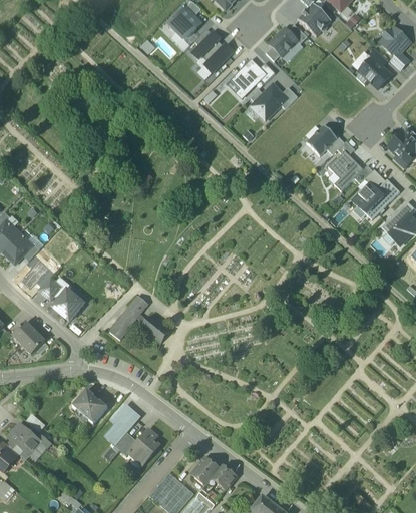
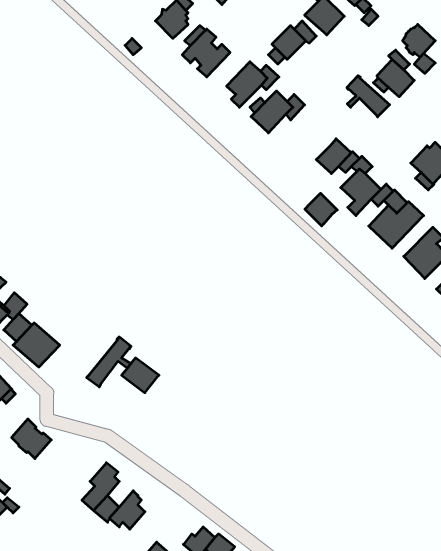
building: none -> [347,76,390,117]
building: none -> [305,193,337,226]
building: [73,389,107,423] -> [12,419,51,459]

